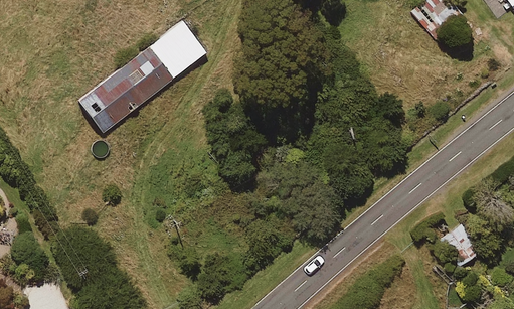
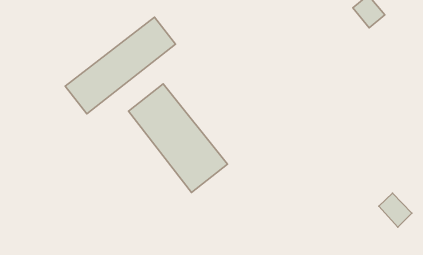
building: none -> [128,84,227,192]

